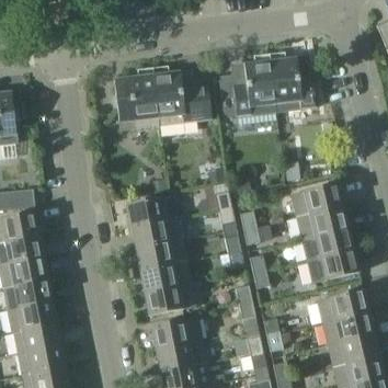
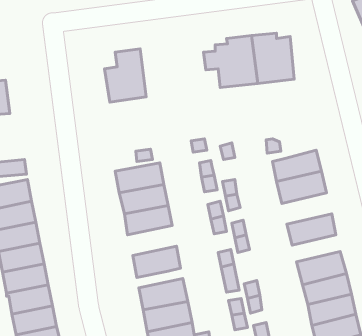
building: [152,70,209,126] -> none
building: [301,227,354,260] -> none
building: [139,261,191,293] -> none

